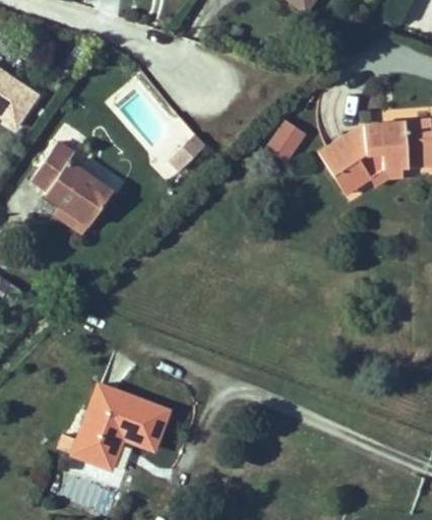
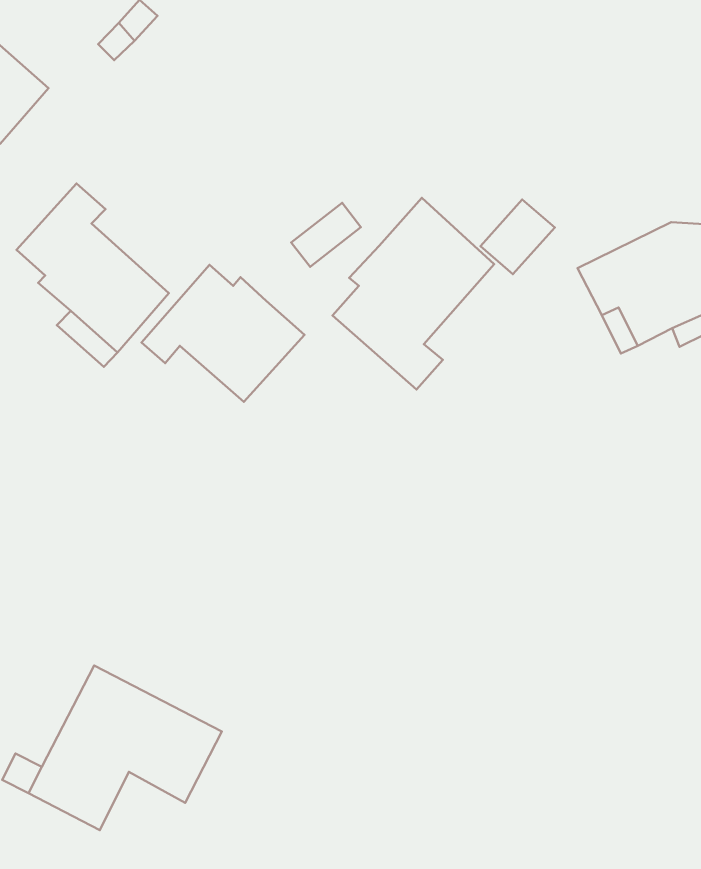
building: none -> [332,198,494,389]
building: none -> [142,265,304,402]

